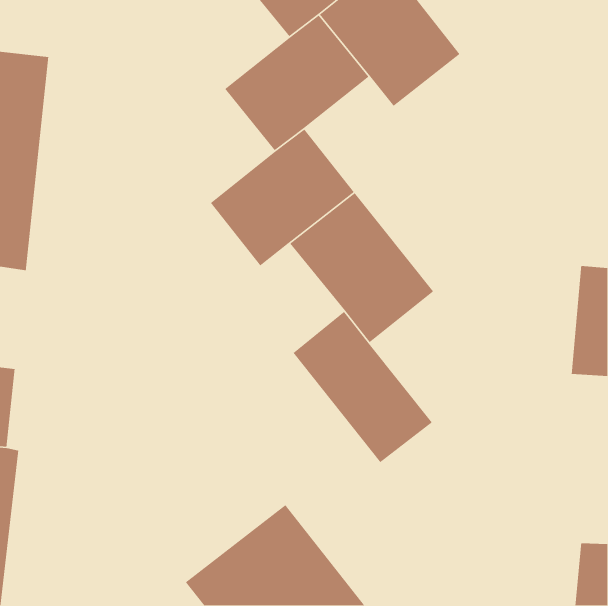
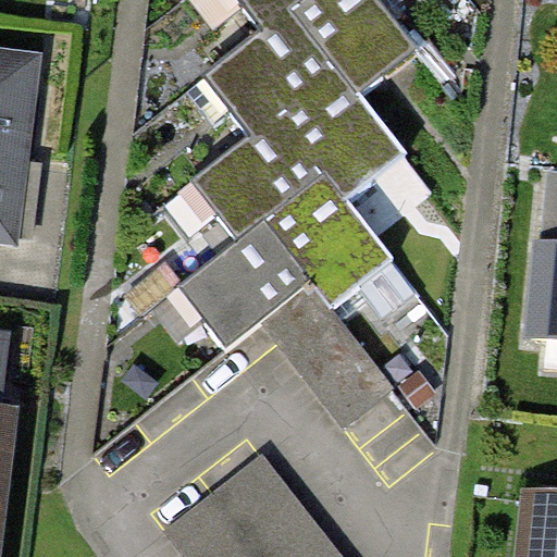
building: none -> [276,70,405,205]
building: none -> [178,221,312,349]

